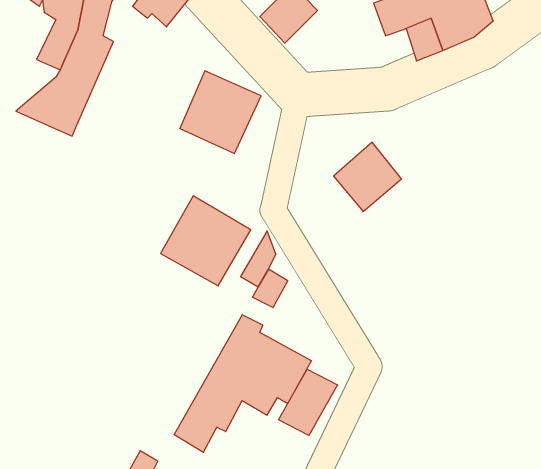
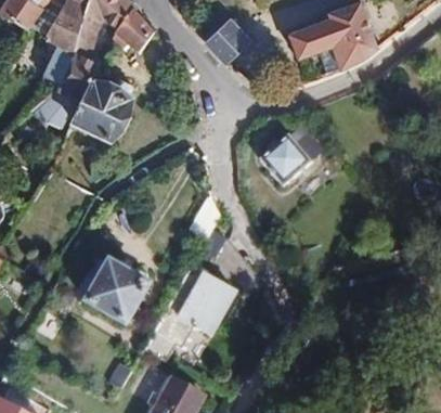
building: [180,71,261,154] -> [73,78,132,139]
building: [161,196,251,286] -> [85,259,151,325]
building: [279,369,338,435] -> none

